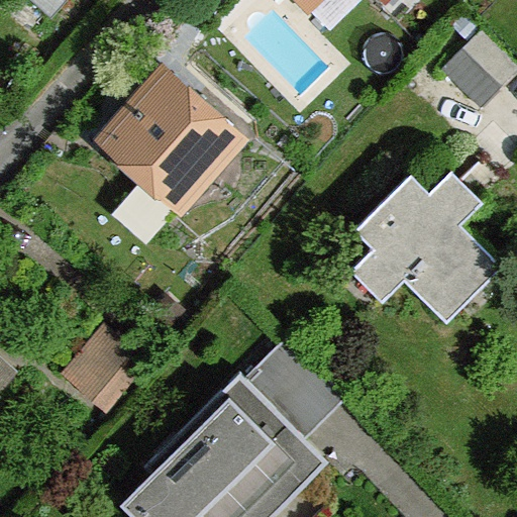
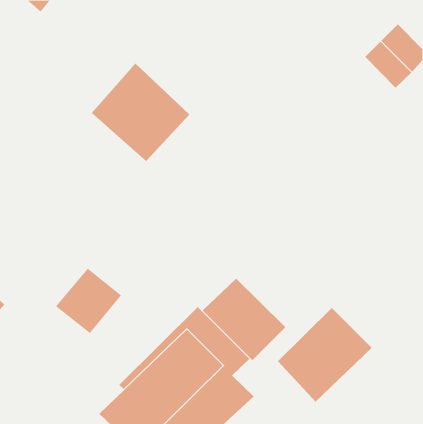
building: [353,176,491,312] -> none
building: none -> [277,307,373,402]

